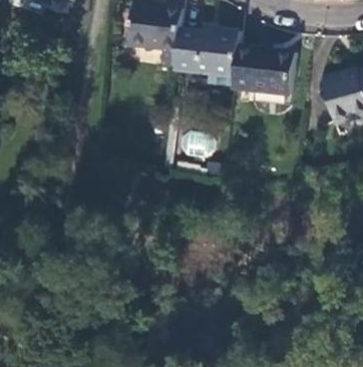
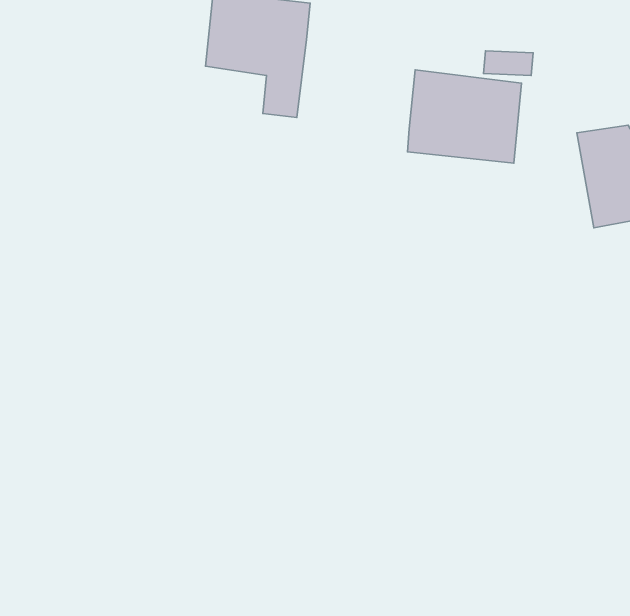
building: [174,26,239,74] -> none

